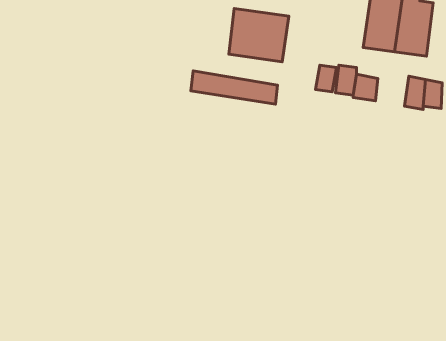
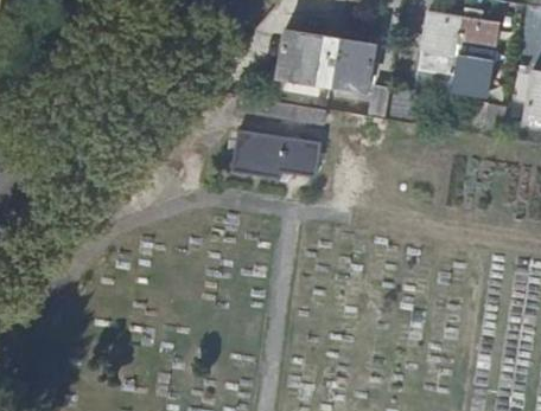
building: none -> [332,36,375,89]
building: none -> [230,131,320,182]

